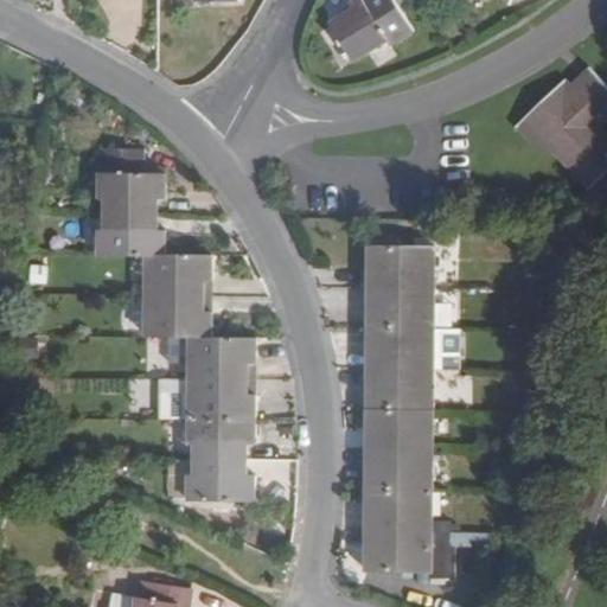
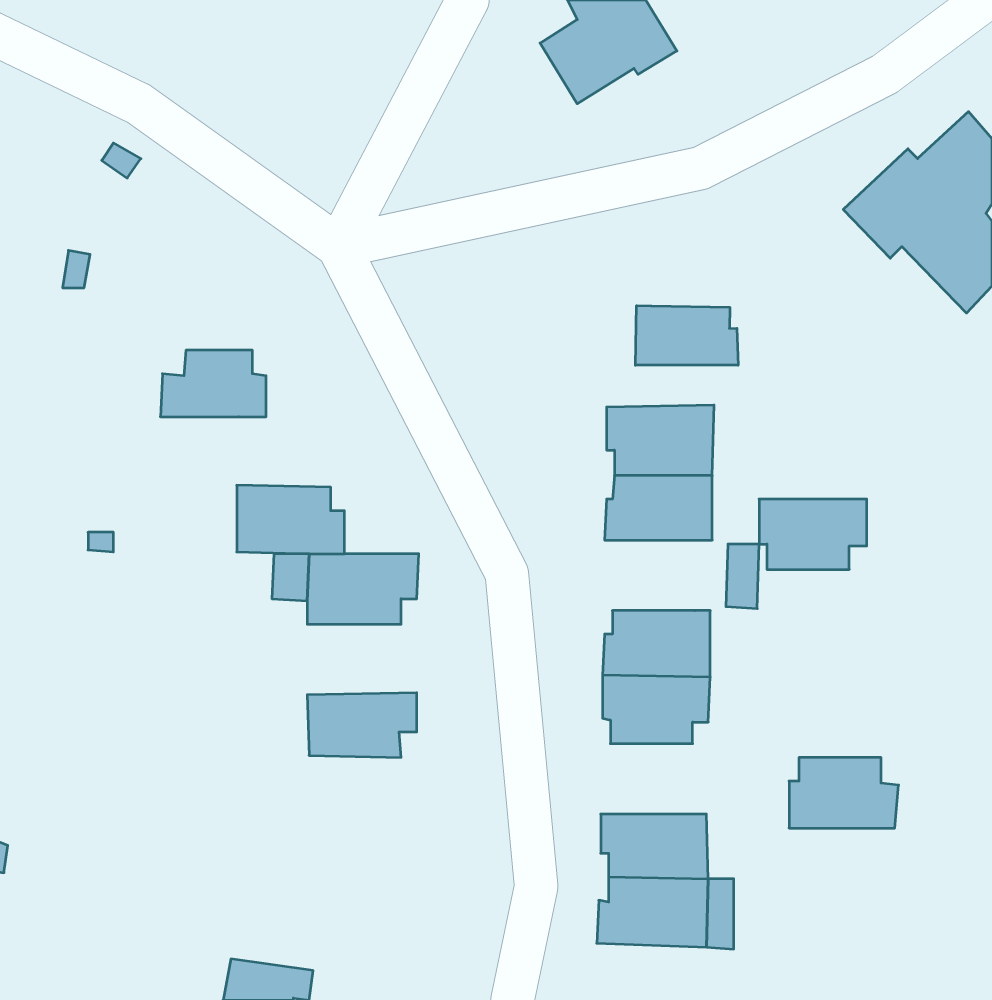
building: [97,145,162,212] -> none
building: none -> [635,306,738,365]
building: [143,253,209,295] -> none
building: [366,327,432,370] -> [759,499,867,569]
building: [186,378,253,421] -> none
building: [364,451,430,493] -> [789,758,899,828]
building: [165,458,251,500] -> none

